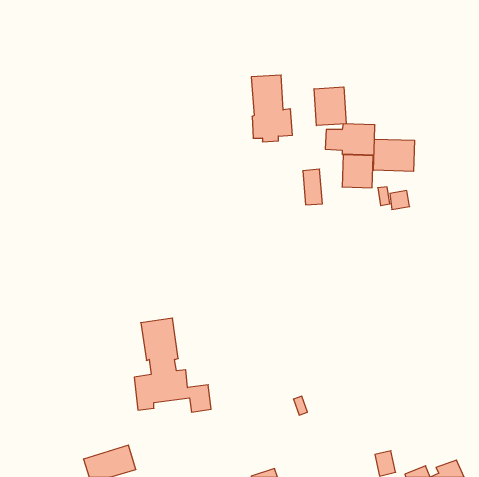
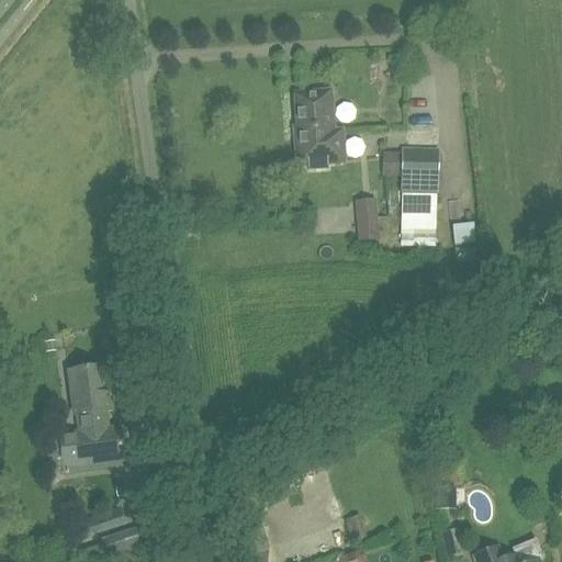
building: [314,87,346,126] -> none
building: [374,139,414,171] -> none
building: [134,318,211,412] -> [59,363,149,473]

